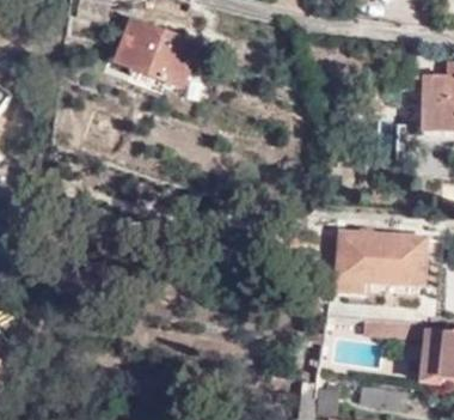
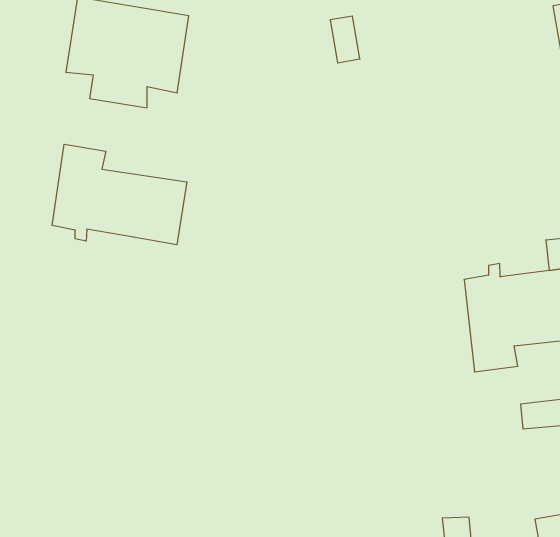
building: none -> [52,144,187,245]

